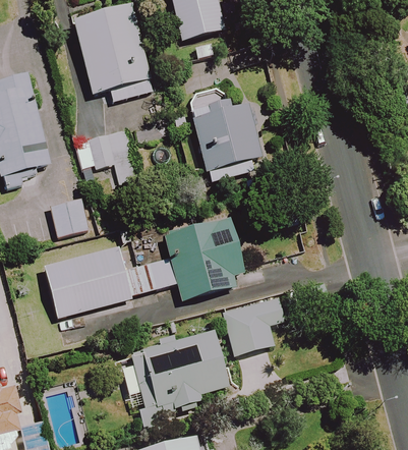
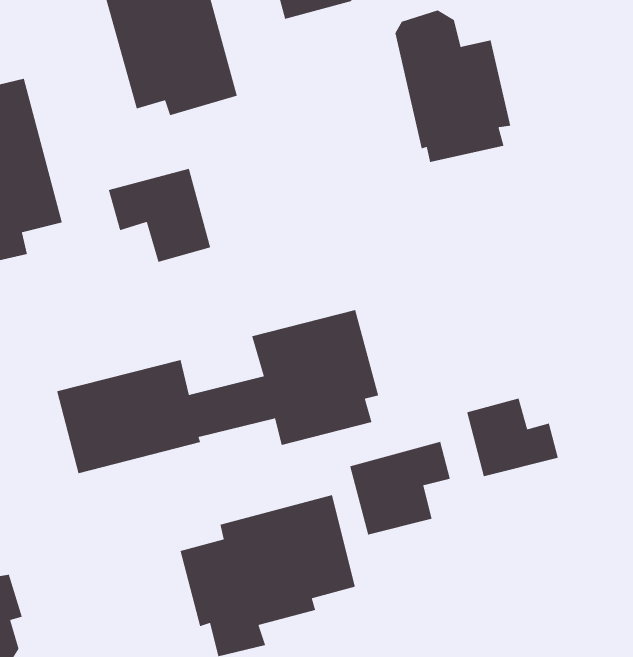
building: [190,86,261,179] -> [395,10,511,163]
building: [50,198,91,236] -> none
building: none -> [466,398,559,477]

